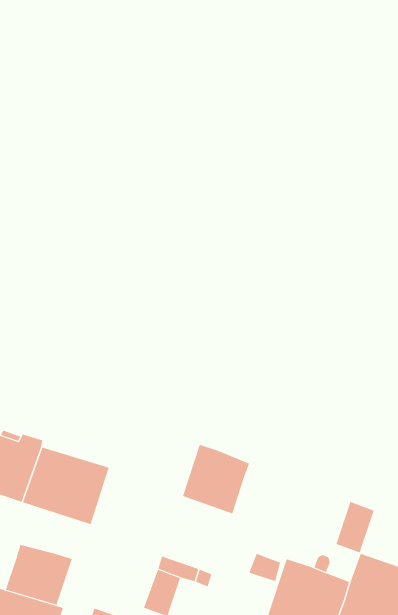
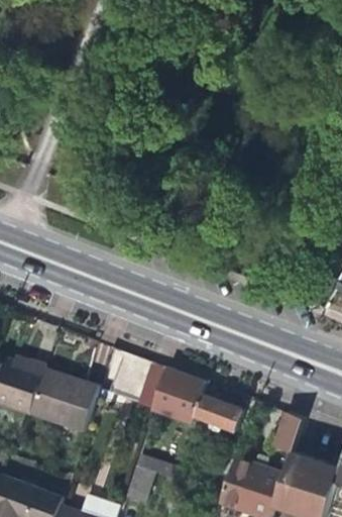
building: none -> [106,349,167,410]
building: none -> [181,394,244,462]
building: [5,544,72,606] -> none

